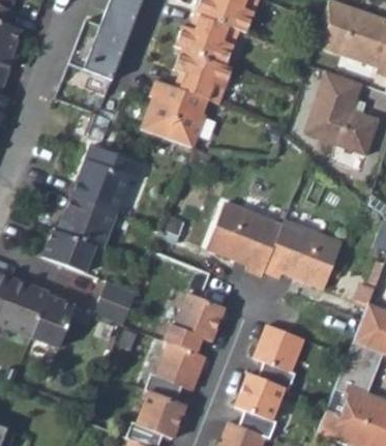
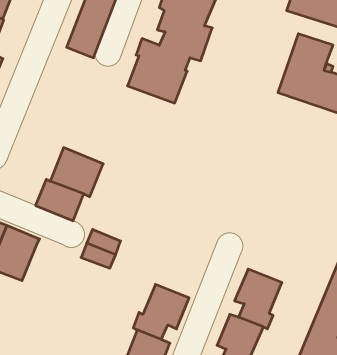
building: [73,144,144,211] -> none
building: [207,201,342,288] -> none
building: [168,293,228,351] -> none
building: [29,296,73,348] -> none

